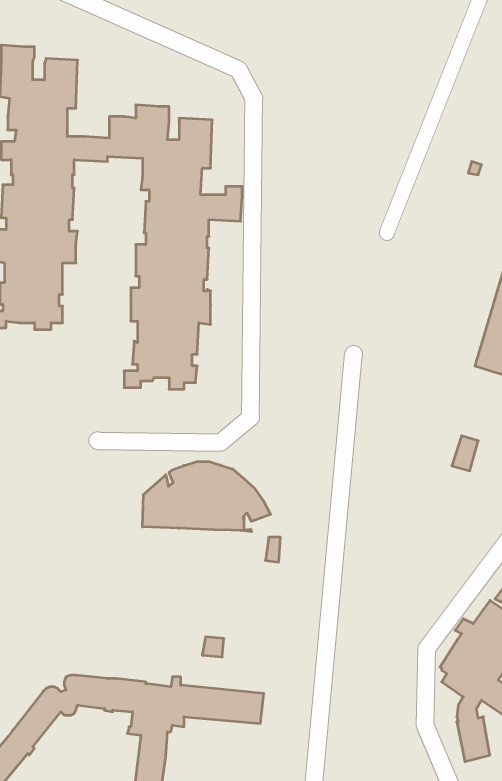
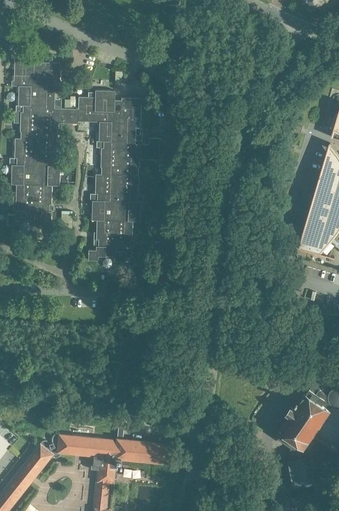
building: [143,462,271,532] -> none

